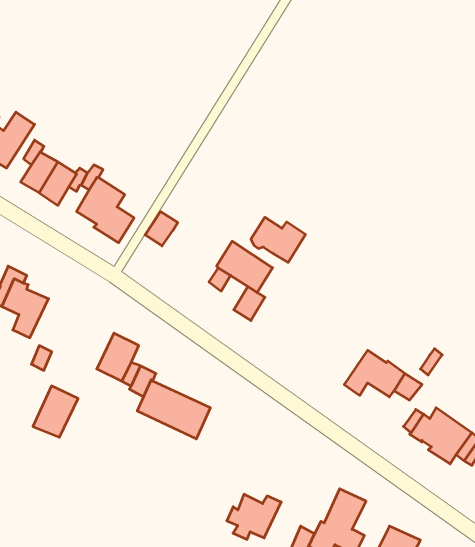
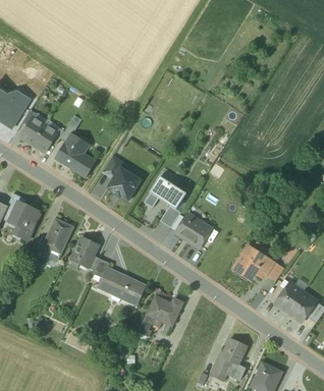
building: [251,217,305,262] -> [175,216,211,245]
building: none -> [108,168,139,200]
building: [33,386,78,437] -> [42,218,71,252]
building: [227,494,281,539] -> [146,296,181,326]

